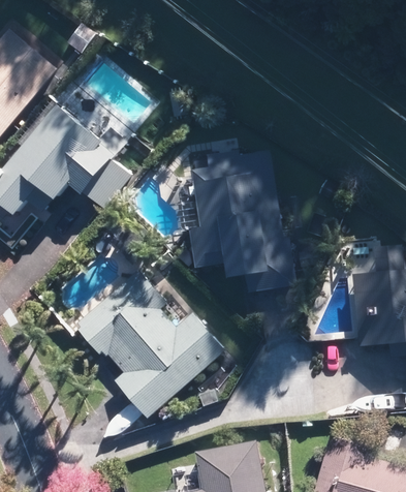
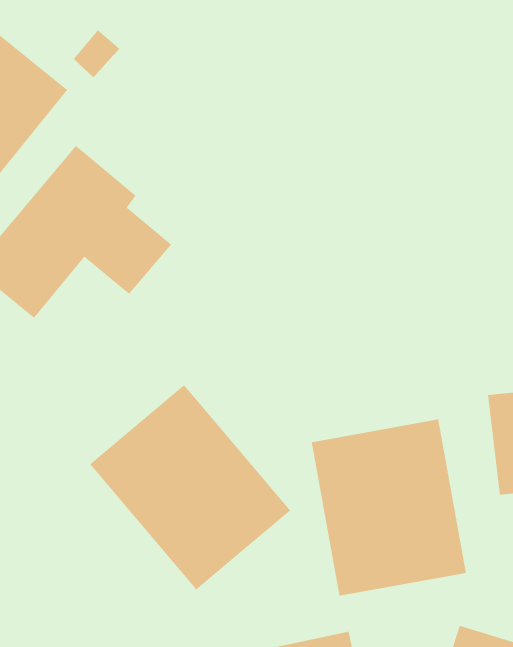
building: [185,154,293,294] -> none
building: none -> [311,419,467,597]

